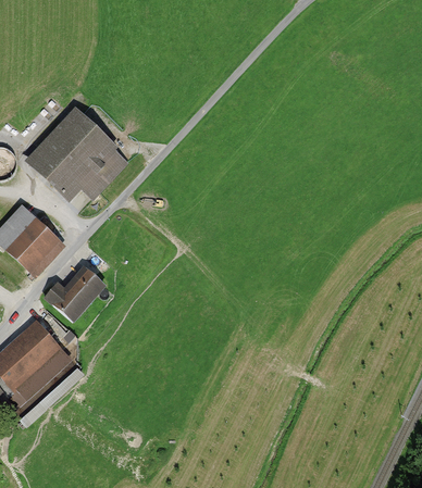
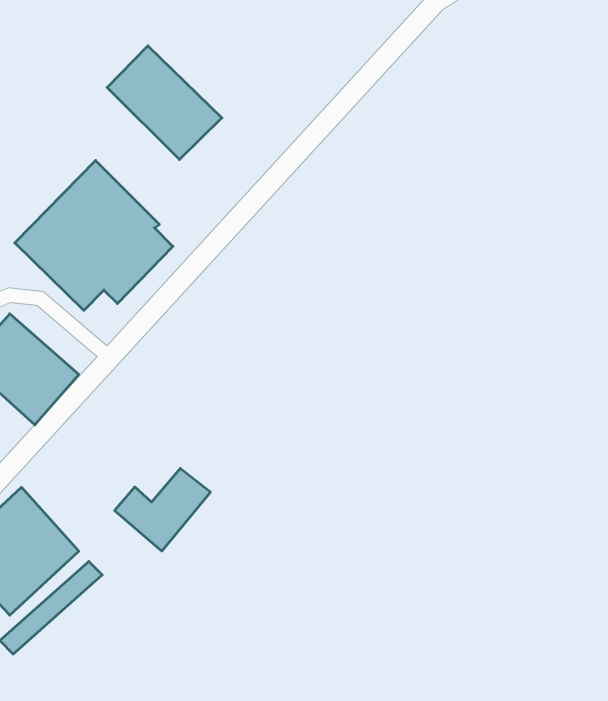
building: none -> [107,46,222,160]
building: [40,270,102,323] -> [115,468,210,551]

